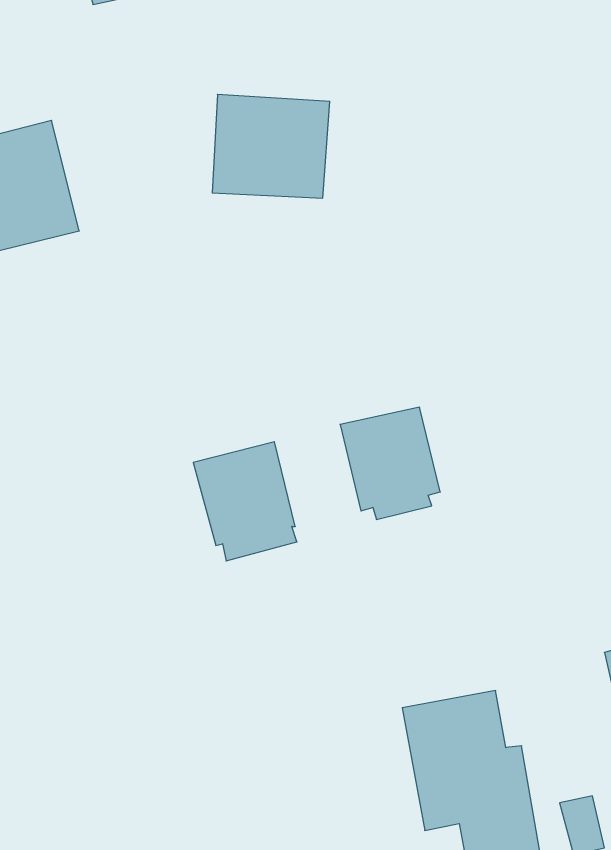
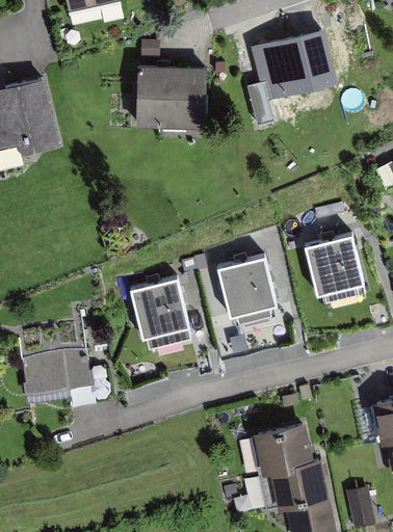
building: none -> [253,30,337,99]
building: none -> [302,231,364,303]
building: none -> [20,346,93,394]

